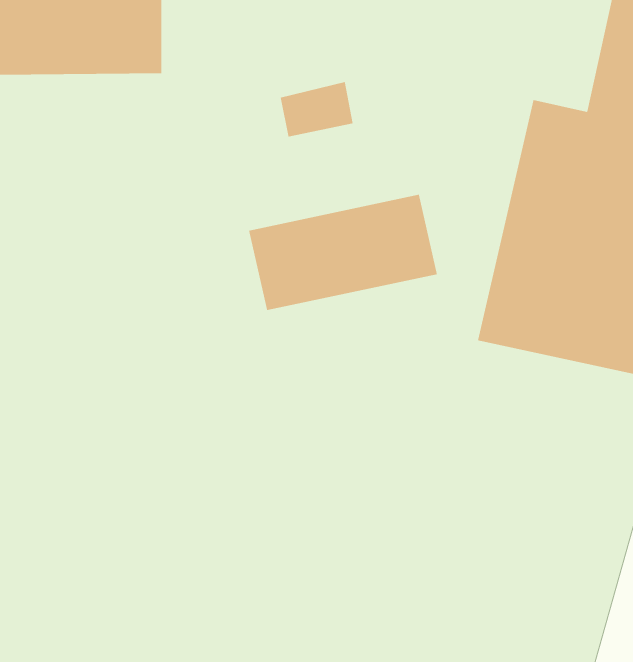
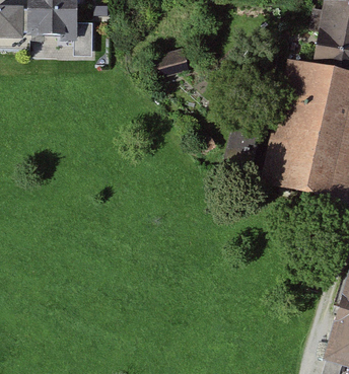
building: [249,194,437,311] -> none

